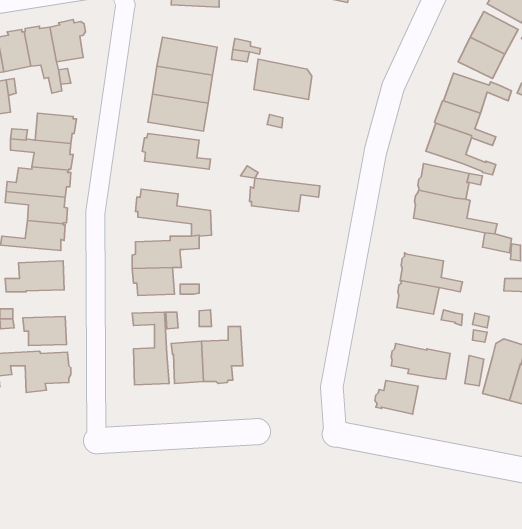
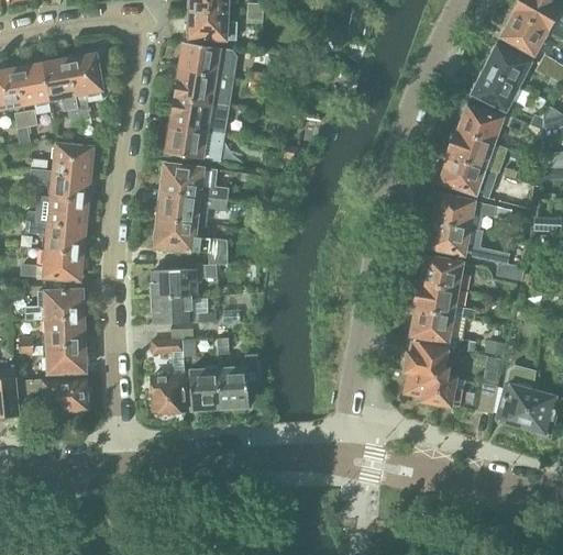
building: [254,59,312,99] -> [180,40,238,79]
building: [249,178,320,212] -> [157,191,227,224]
building: none -> [420,256,463,289]
building: none -> [43,318,85,345]
building: [375,381,418,414] -> [404,344,446,377]

